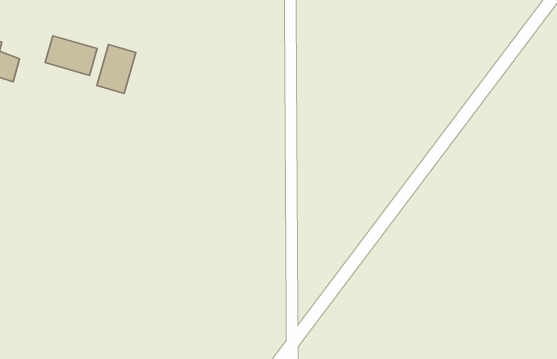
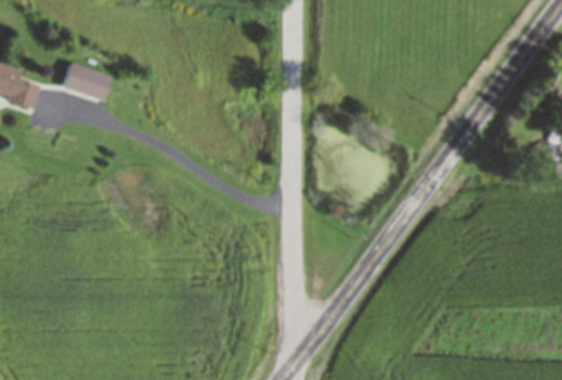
building: [97,45,136,93] -> none

